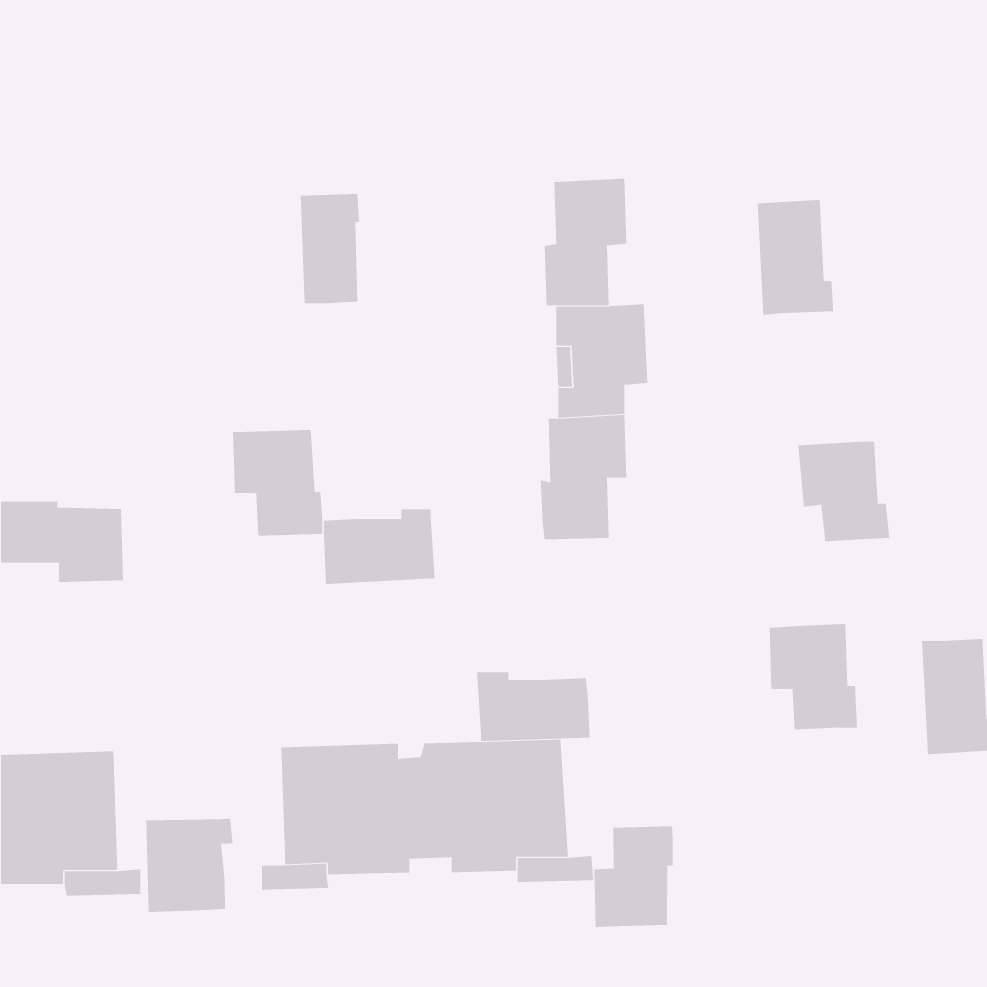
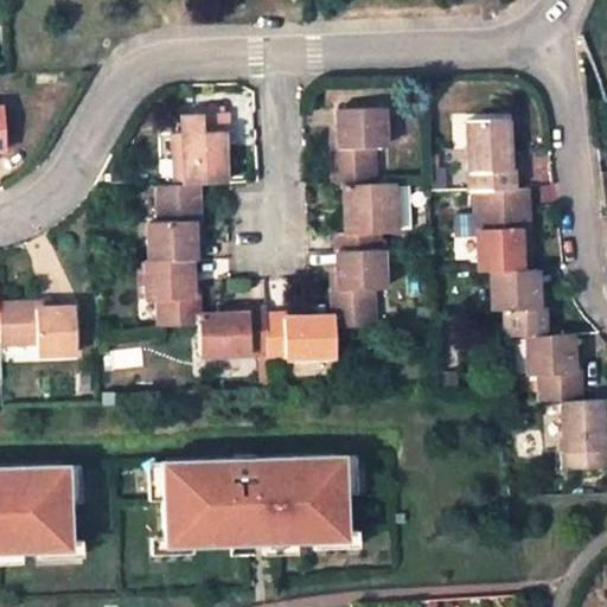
building: none -> [149,187,200,266]
building: none -> [475,192,530,274]
building: [769,624,858,730] -> [526,330,581,395]
building: [476,672,590,742] -> [266,318,336,360]
building: [146,818,233,913] -> none
building: [594,826,673,928] -> none

